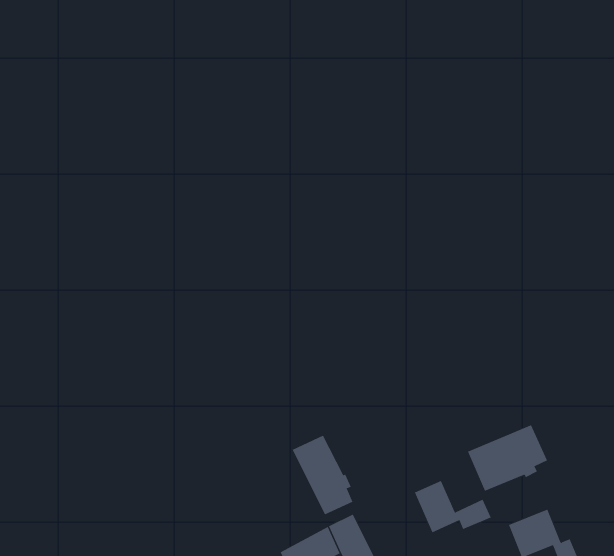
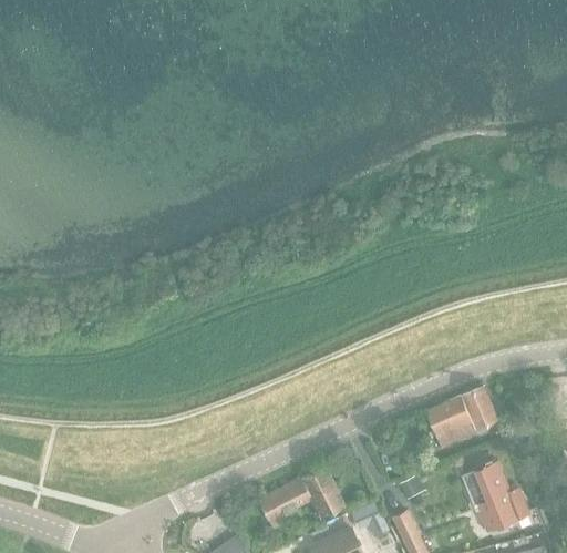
building: [292,435,353,515] -> none
building: [414,480,491,533] -> none

